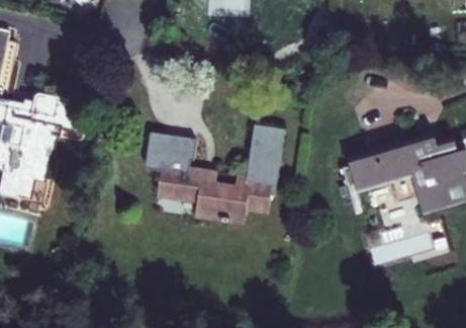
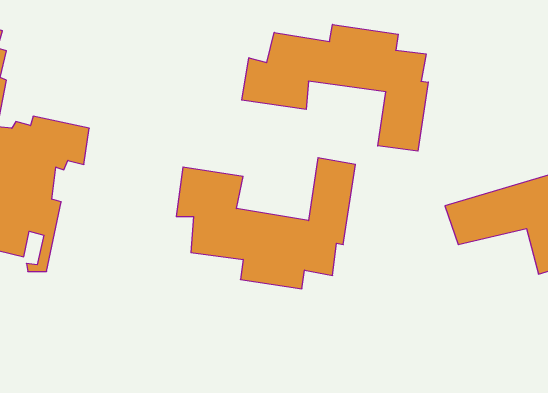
building: none -> [242,24,428,151]

